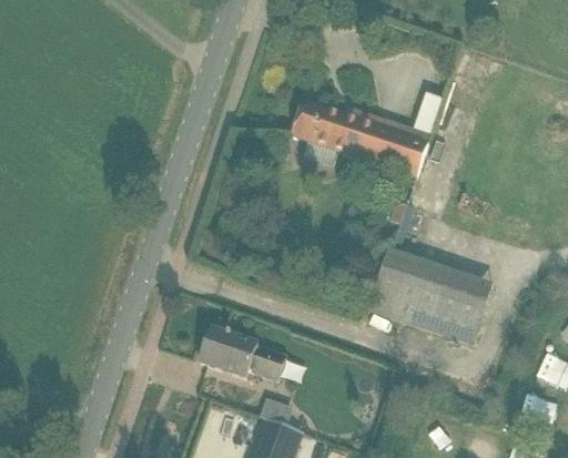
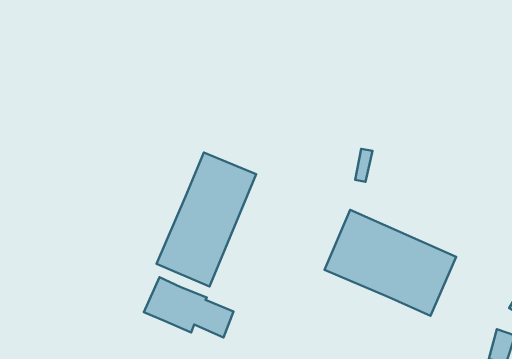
building: [293,98,432,175] -> none
building: none -> [156,152,256,287]

